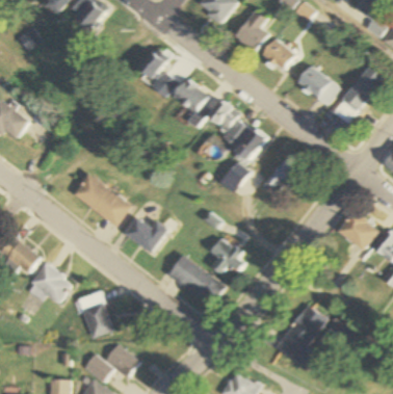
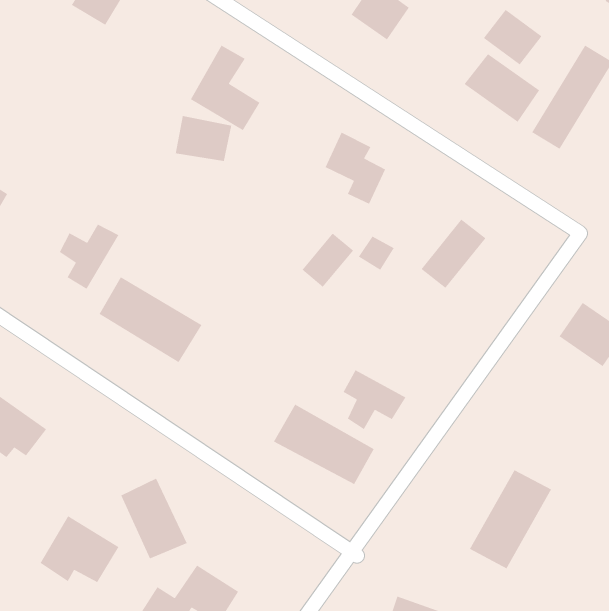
building: [262,37,296,71] -> [483,9,542,66]
building: [175,82,209,111] -> [175,115,232,162]
building: [235,129,266,160] -> [301,233,354,288]
building: none -> [59,224,120,290]
building: [127,217,171,254] -> none
building: [26,263,73,304] -> [39,515,119,583]

